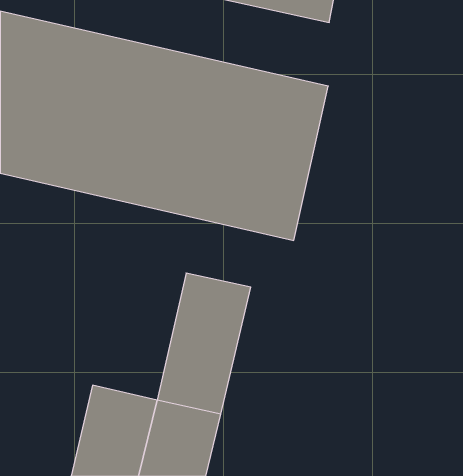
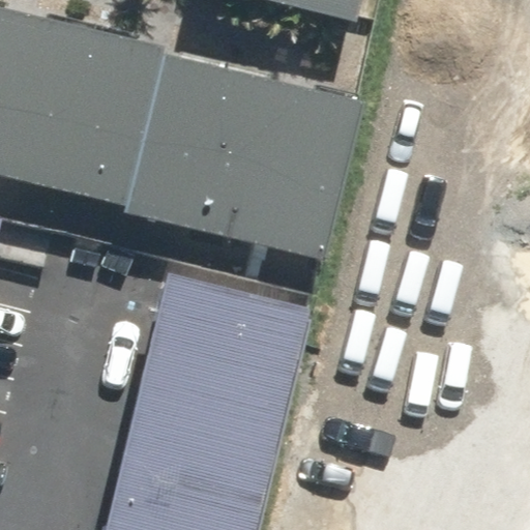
building: none -> [119,286,223,443]

